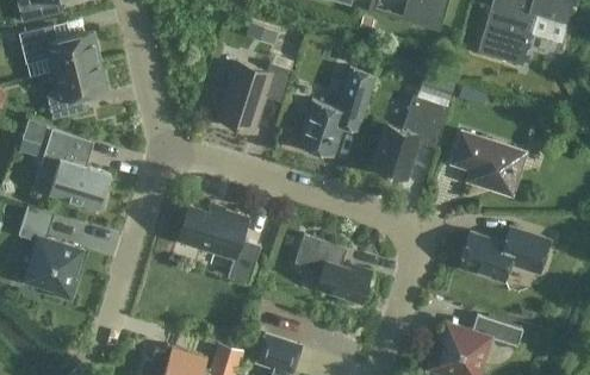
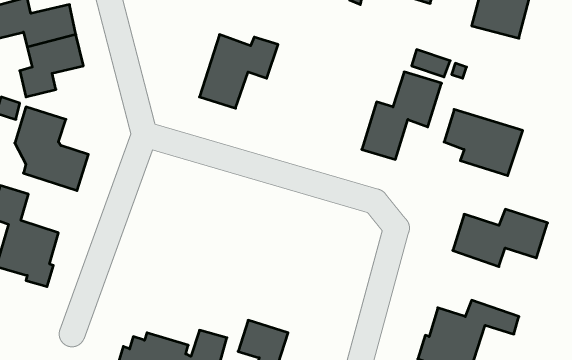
building: [298,67,375,157] -> none
building: [178,204,261,283] -> none
building: [294,235,372,304] -> none

